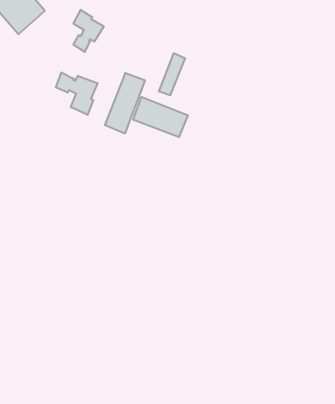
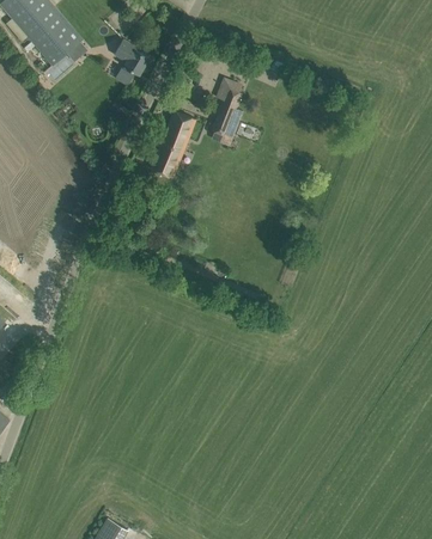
building: [56,72,97,115] -> none
building: [133,97,188,137] -> none

